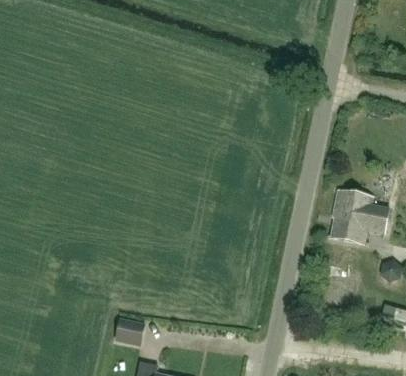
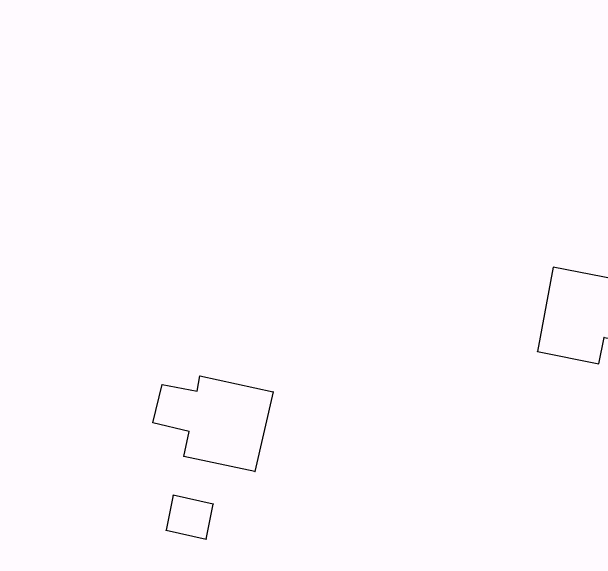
building: none -> [153,376,273,472]

